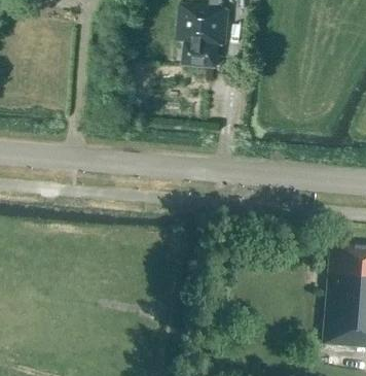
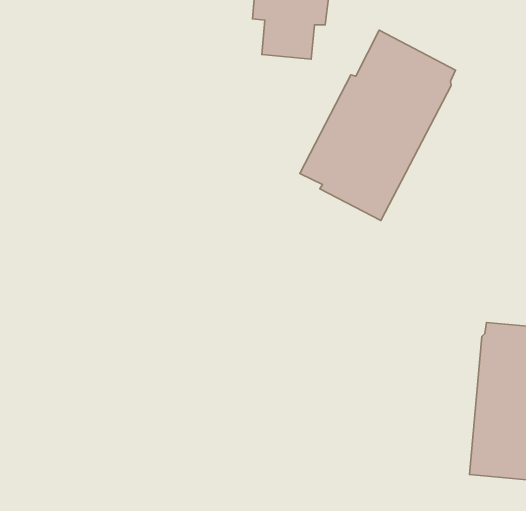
building: none -> [300,30,456,221]

